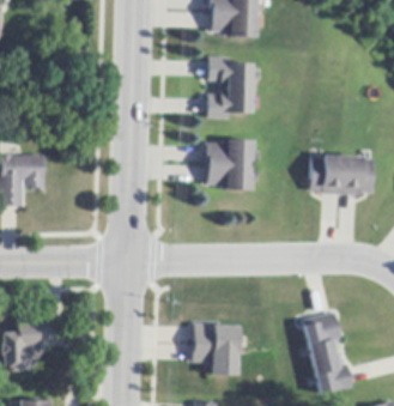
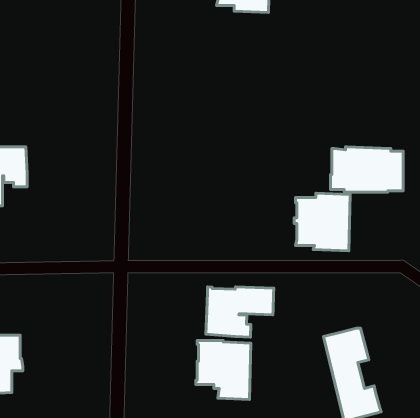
building: [206,56,253,119] -> none
building: [204,139,253,189] -> [294,193,350,251]
building: none -> [206,287,274,337]

